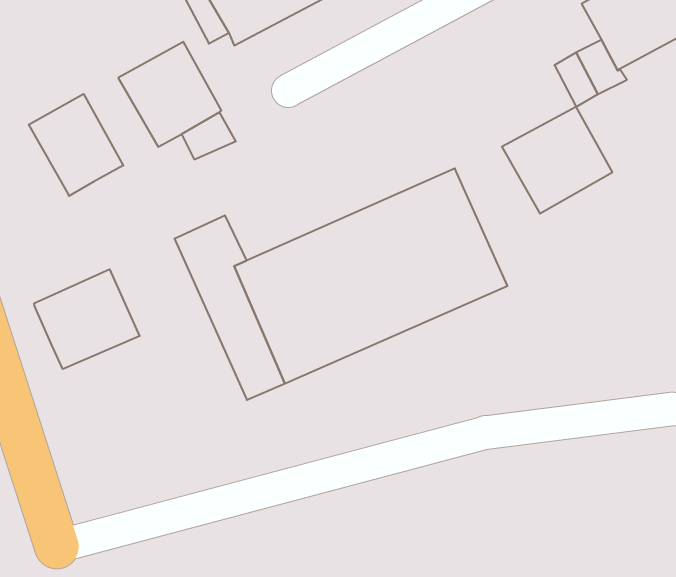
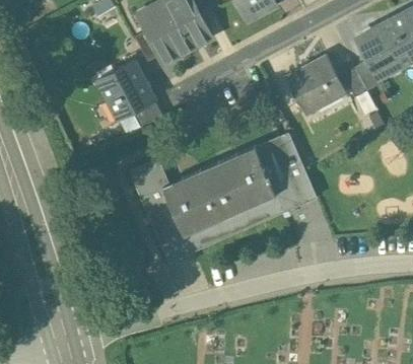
building: [29,94,123,196] -> none
building: [502,107,612,214] -> [286,55,348,115]
building: [34,269,140,369] -> none

